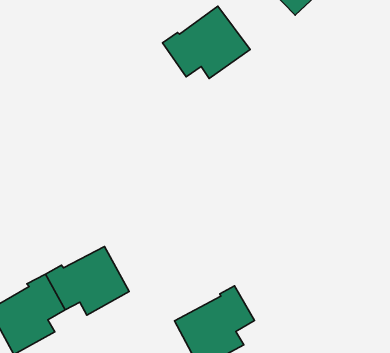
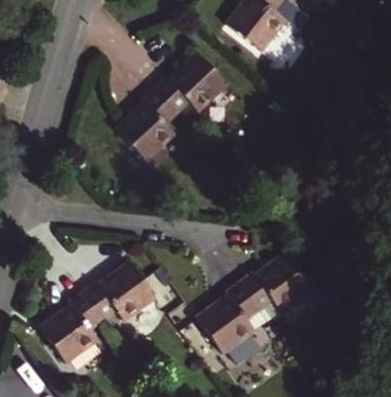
building: none -> [116,89,179,161]
building: none -> [242,252,313,312]

